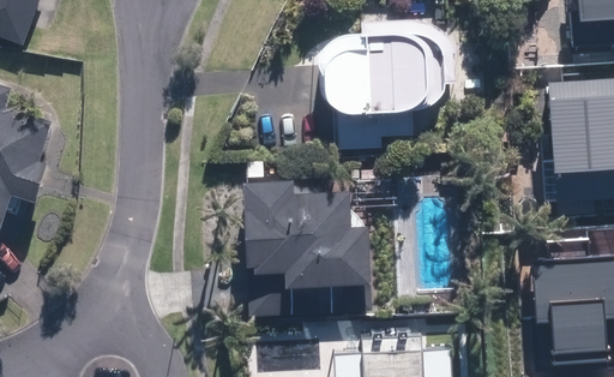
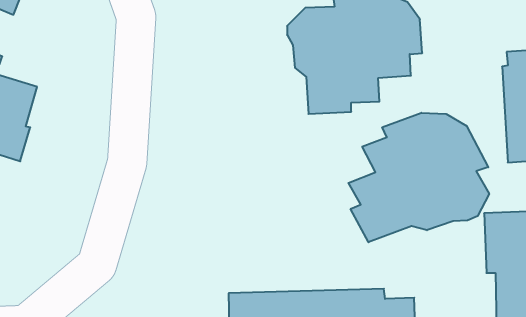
building: none -> [348,113,489,242]
building: [242,179,369,313] -> none

